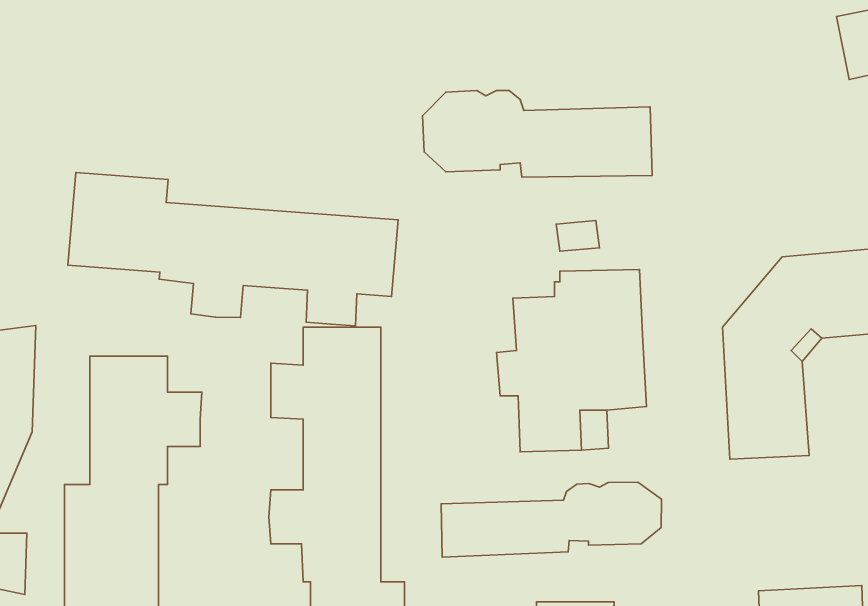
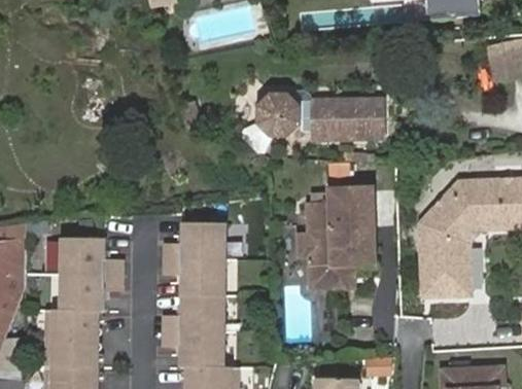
building: [68,173,398,326] -> none
building: [441,482,661,557] -> none

